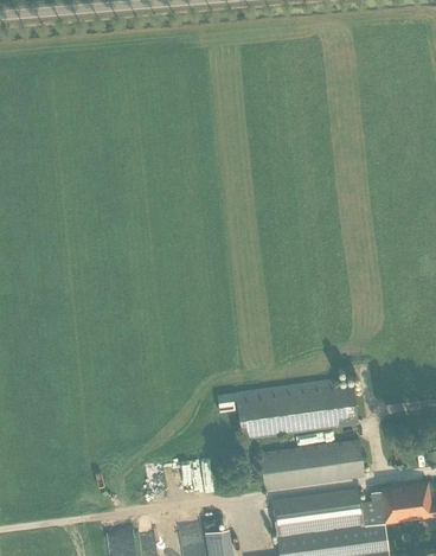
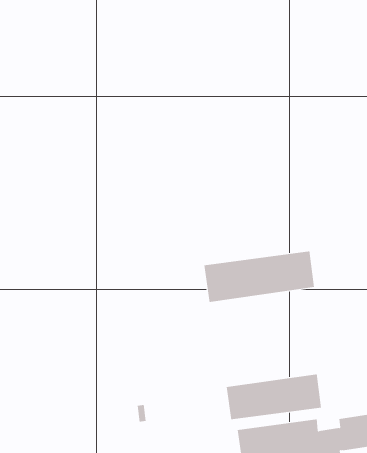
building: [236,383,355,439] -> [203,251,315,303]

